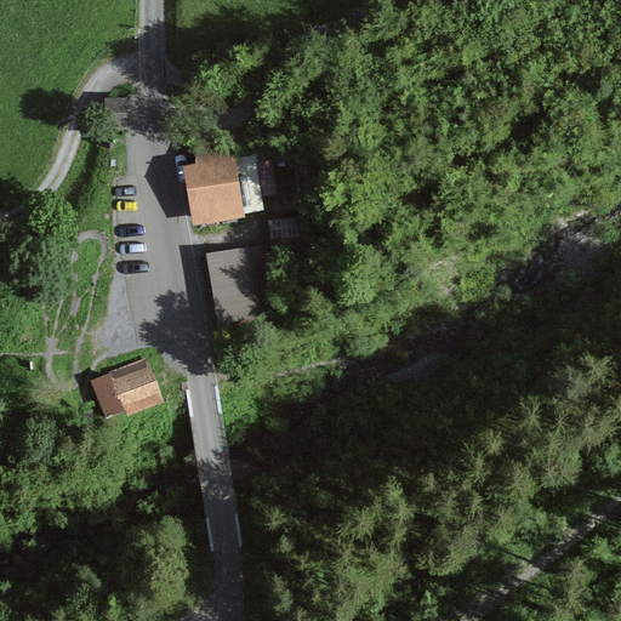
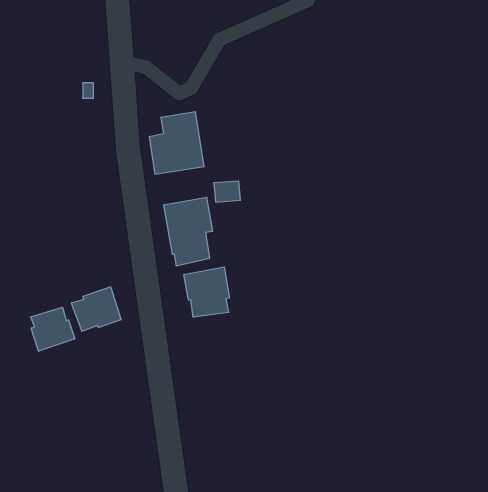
building: none -> [184,267,229,317]
building: none -> [31,307,75,351]

